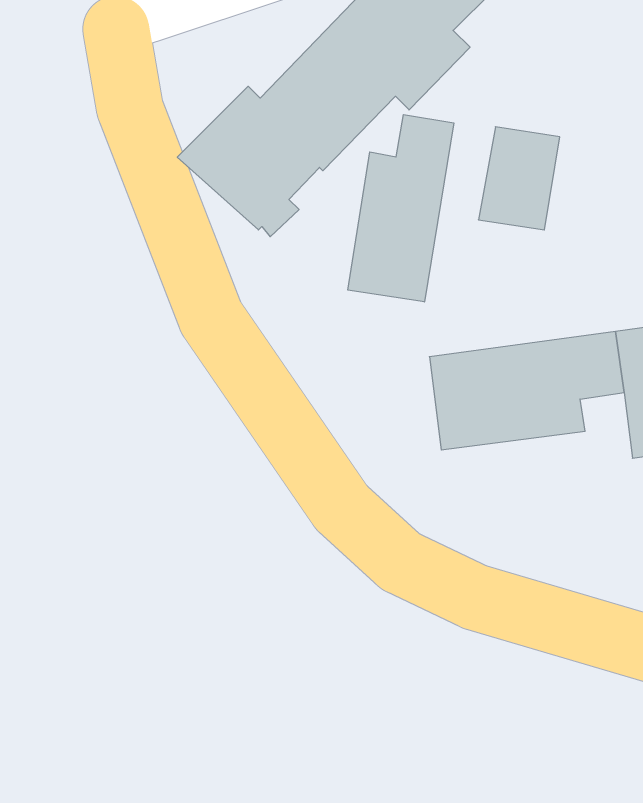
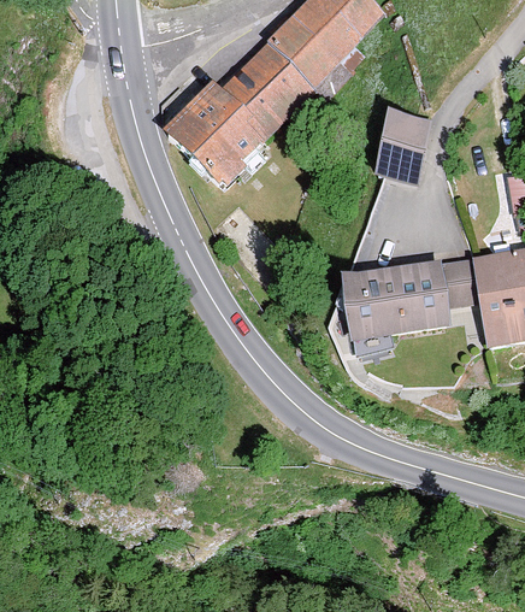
building: [348,115,454,302] -> none

